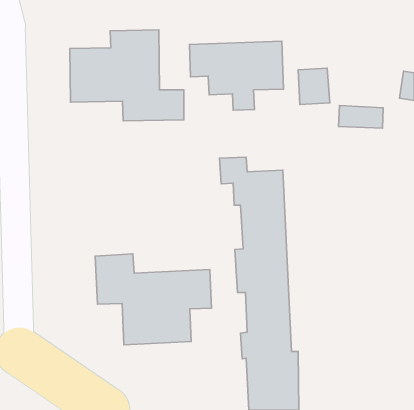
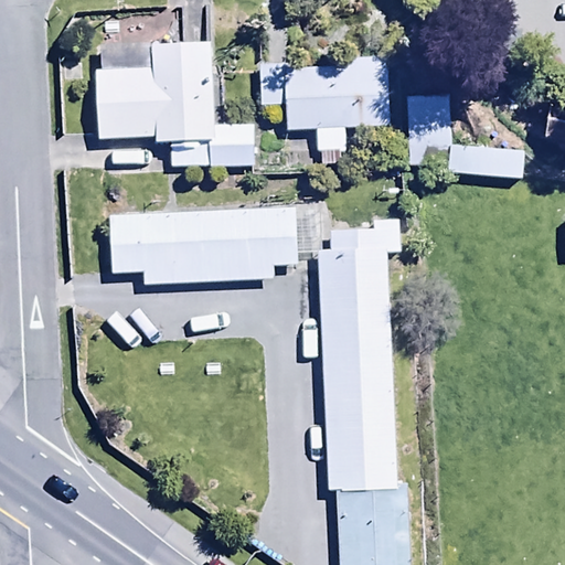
building: none -> [106,205,296,285]
building: [95,254,211,345] -> none

